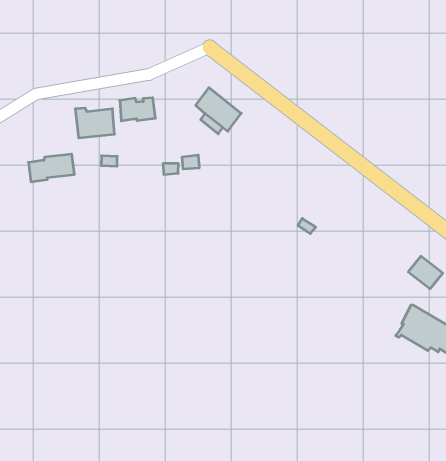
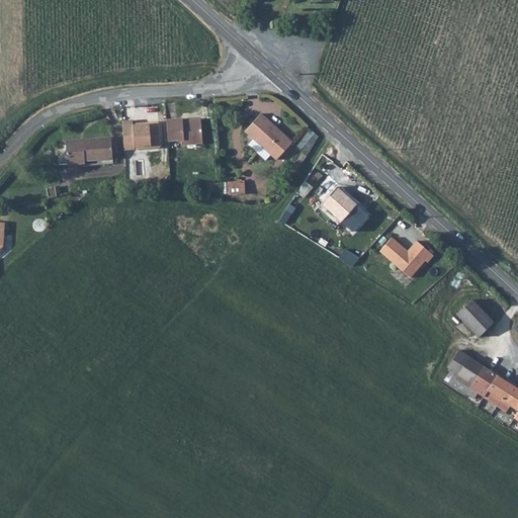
building: none -> [320,183,366,228]
building: [28,154,74,182] -> [69,135,115,160]
building: none -> [379,235,433,275]

